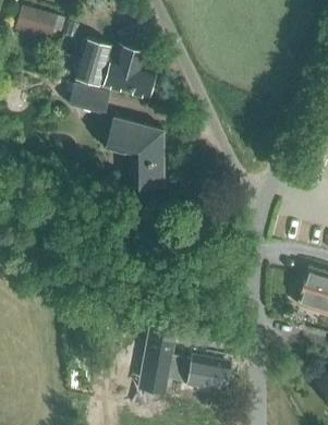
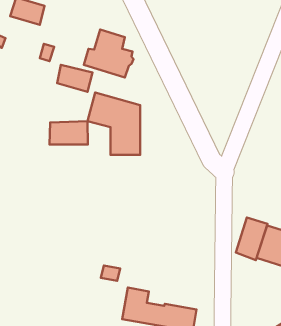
building: [75,36,111,84] -> none
building: none -> [49,121,88,144]
building: none -> [236,217,268,260]

